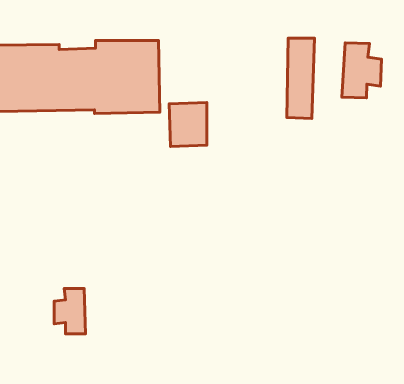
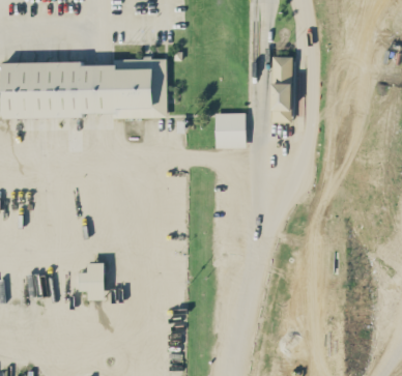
building: [342,43,381,98] -> none
building: [169,102,207,146] -> [214,112,246,148]

